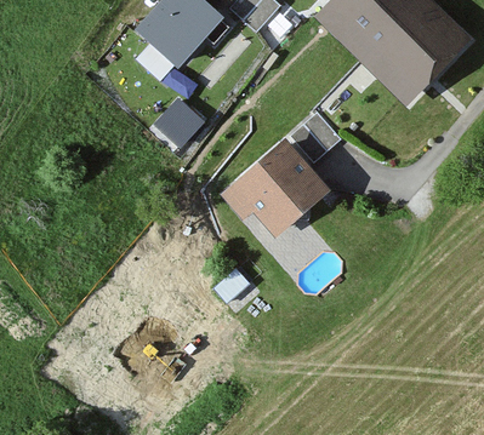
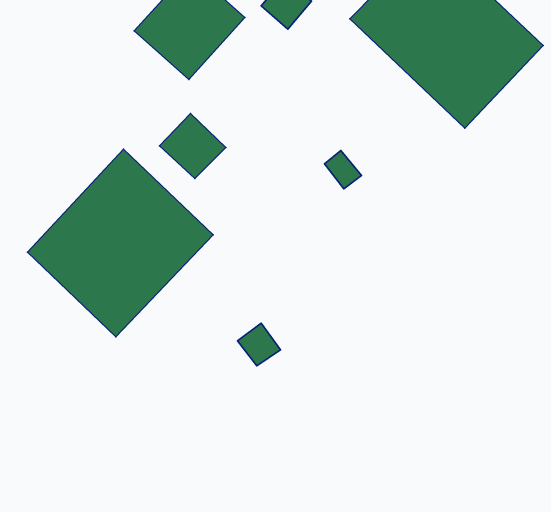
building: none -> [27,149,213,337]
building: [221,138,330,235] -> none

